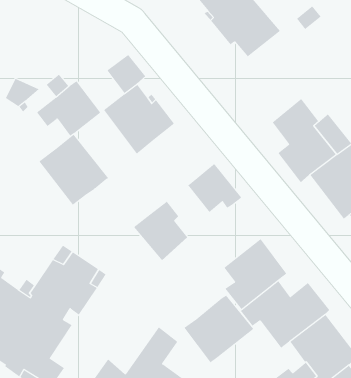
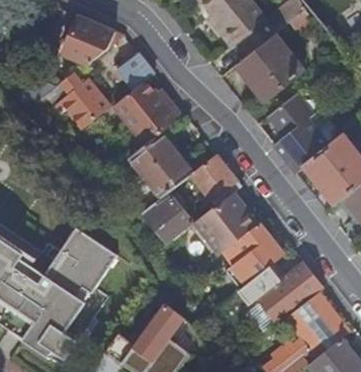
building: none -> [62,16,121,64]
building: none -> [236,33,303,100]
building: [38,134,109,206] -> [127,132,192,198]
building: [184,295,254,363] -> [192,192,257,255]

